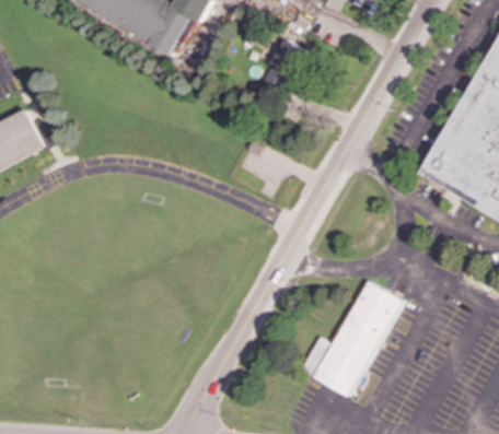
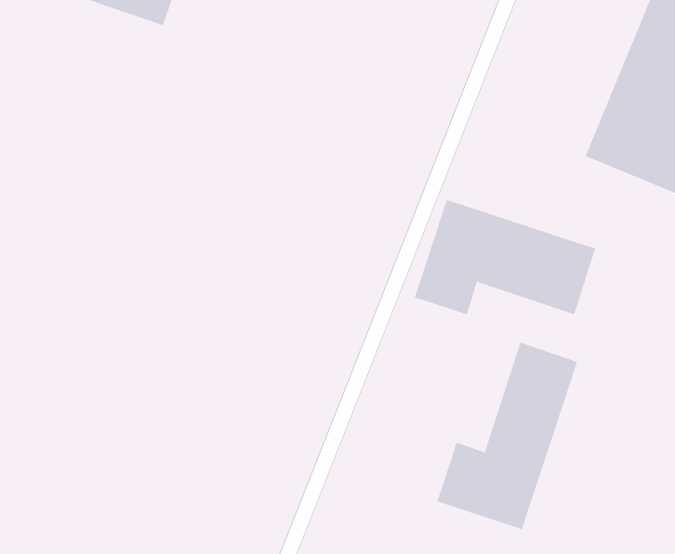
building: none -> [414,199,596,315]

